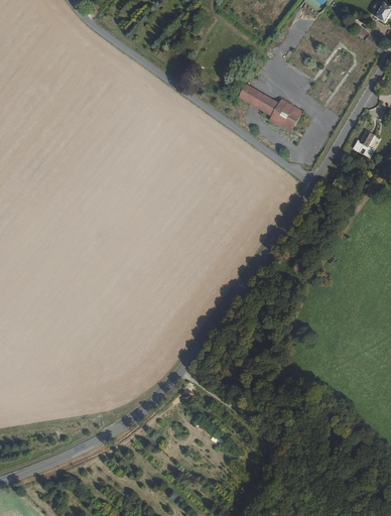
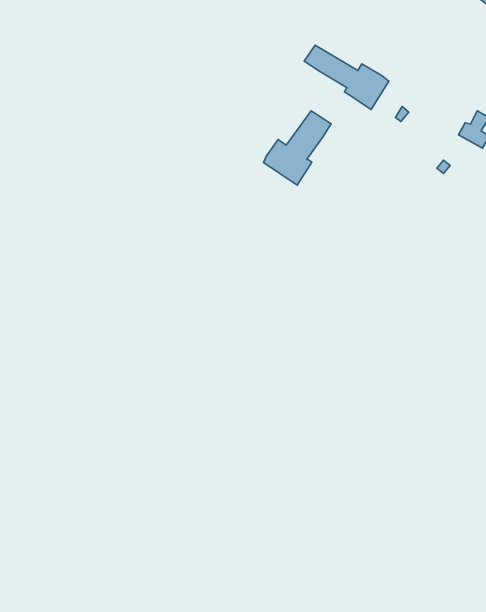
building: none -> [263,111,331,185]

